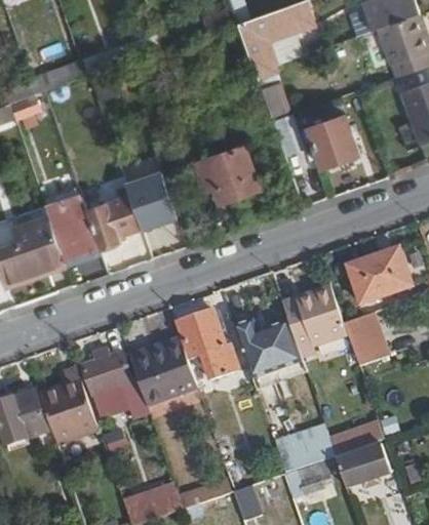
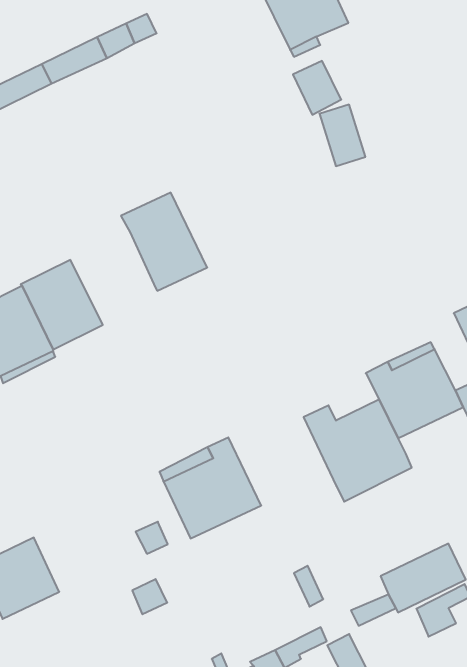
building: [308,111,359,164] -> none
building: [193,143,259,199] -> none
building: [83,185,141,247] -> none
building: [179,310,239,379] -> none
building: [83,351,129,395] -> none
building: [40,367,98,444] -> none

